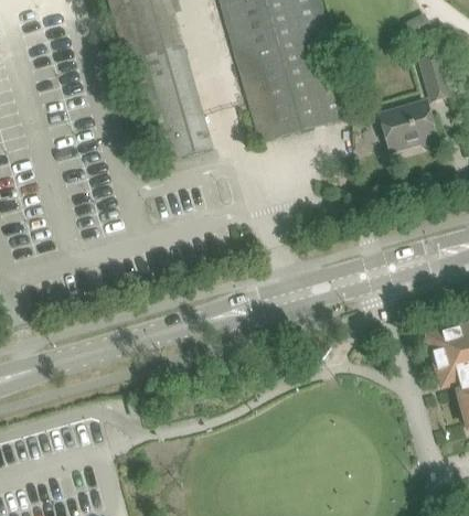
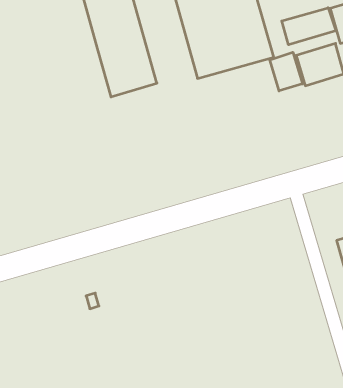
building: none -> [282,8,336,45]
building: none -> [270,52,302,91]

